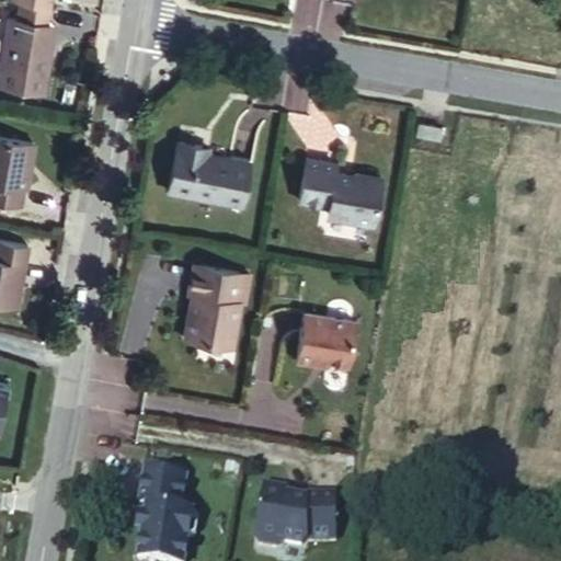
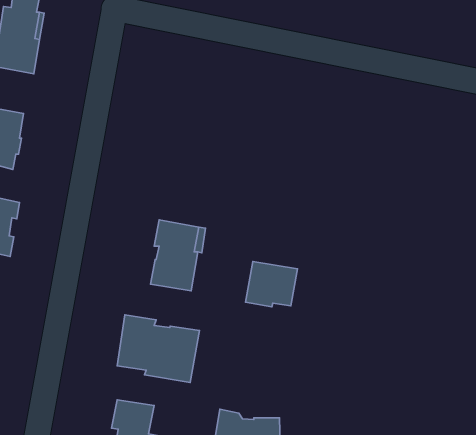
building: [165,144,248,207] -> none
building: [295,161,377,227] -> none
building: none -> [117,315,199,383]

